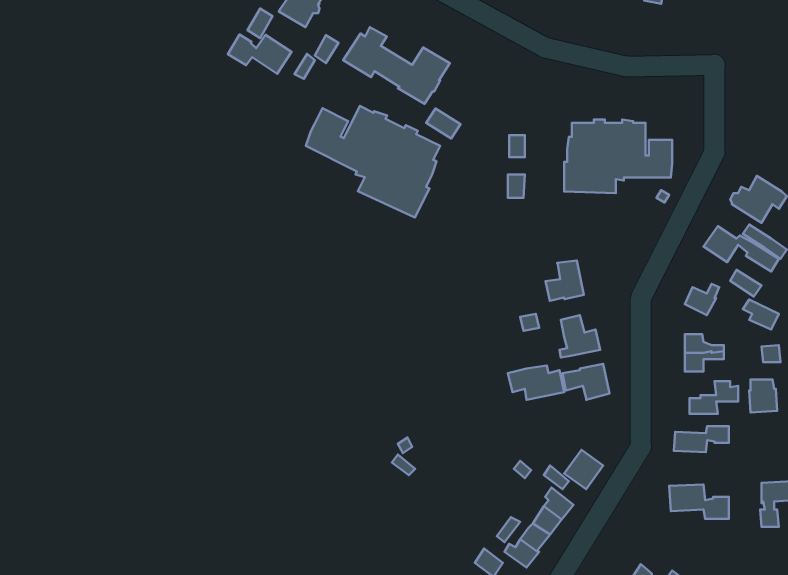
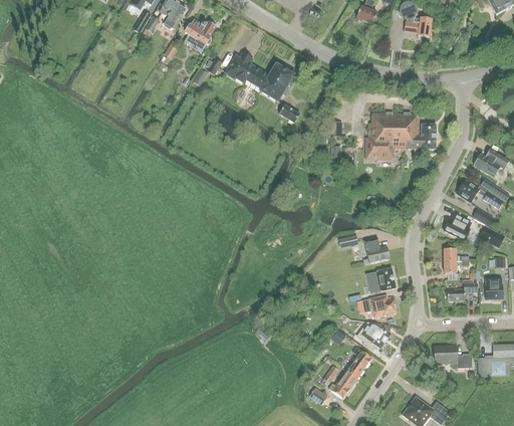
building: [228,35,292,74] -> none
building: [306,106,440,218] -> none
building: [546,261,584,301] -> none
building: [508,365,564,400] -> [361,294,398,316]
building: [674,426,729,452] -> none

